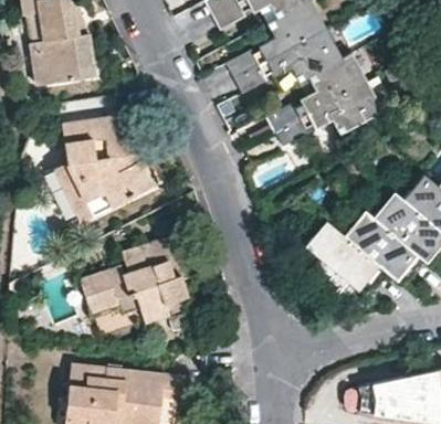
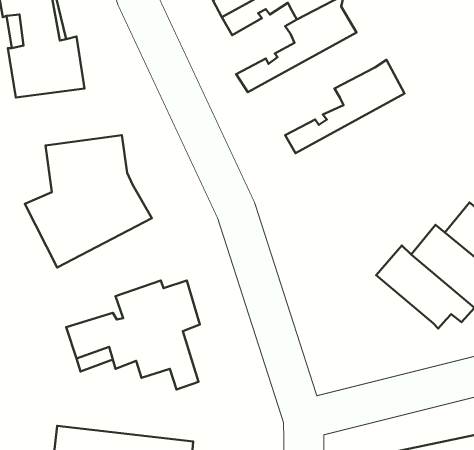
building: [234,29,343,94] -> none
building: [275,81,385,146] -> none
building: [305,220,392,295] -> none

